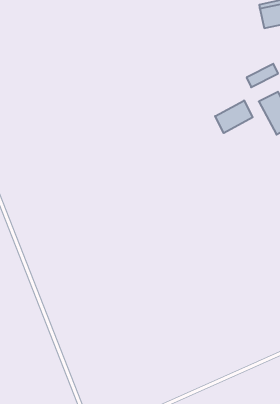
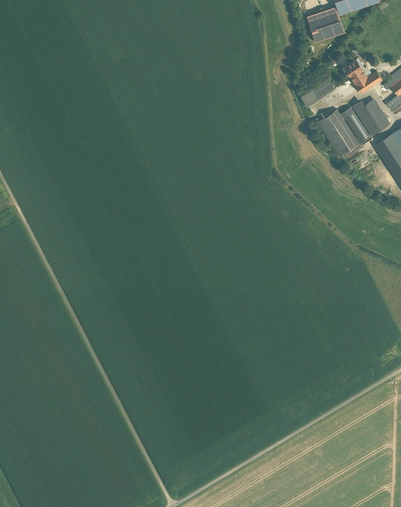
building: [215,100,253,133] -> none

